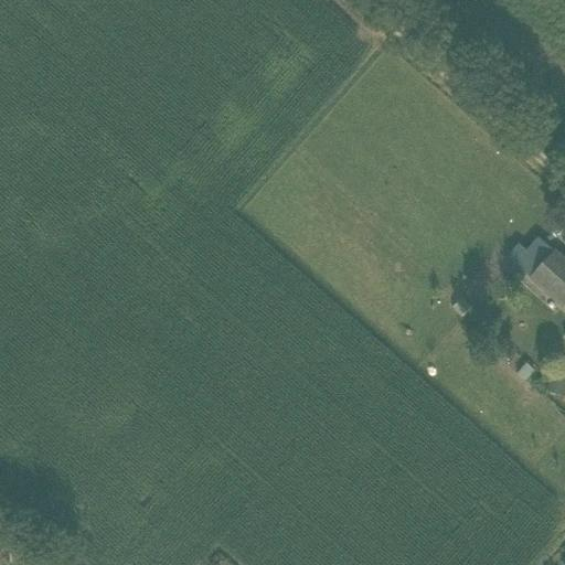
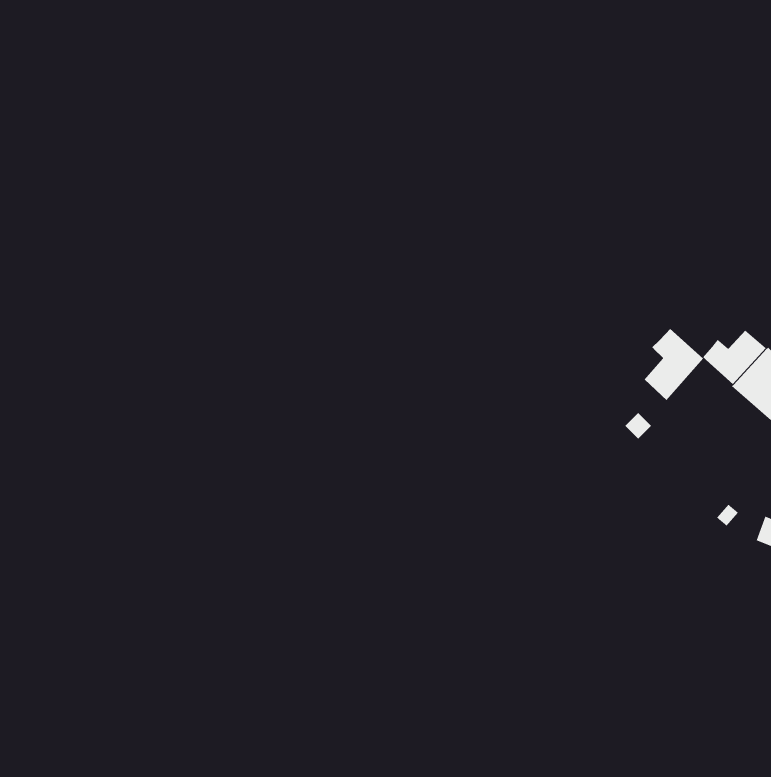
building: none -> [644,328,704,401]

